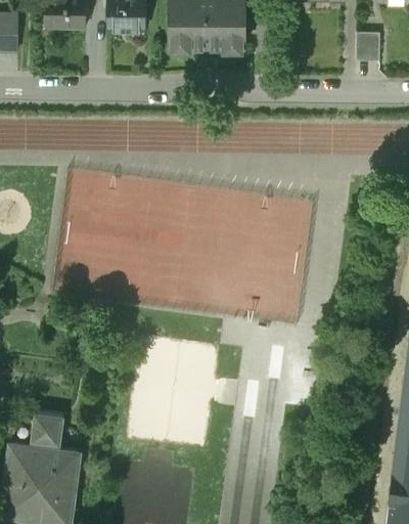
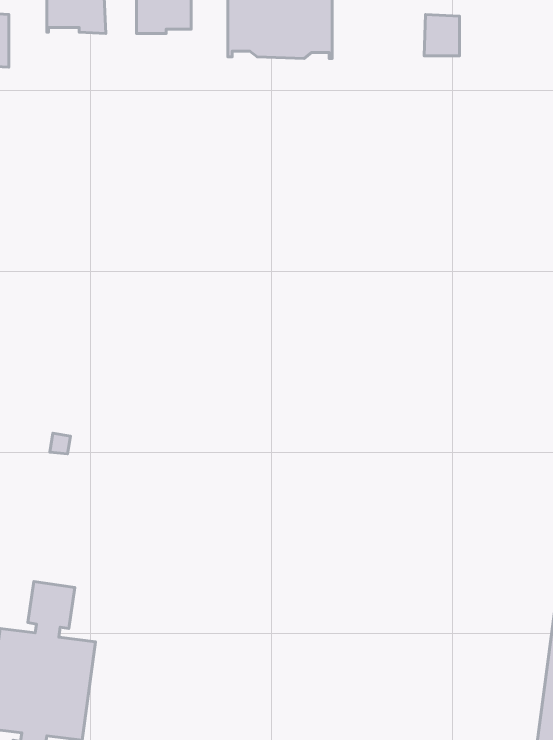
building: [356,35,380,63] -> [424,15,459,56]

